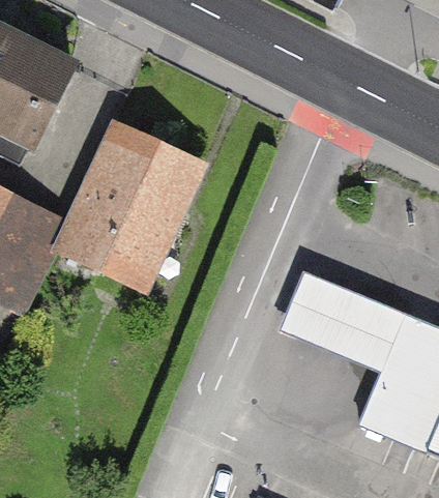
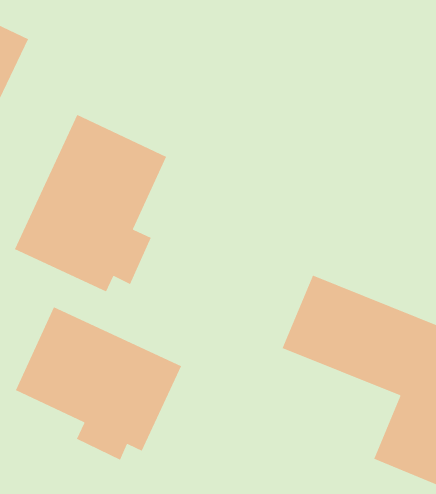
building: none -> [15,306,182,461]

